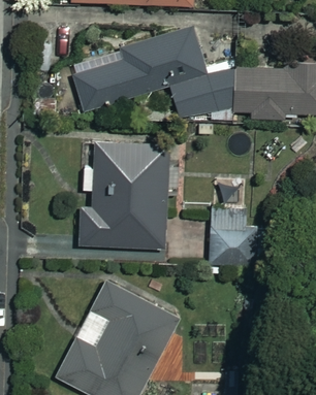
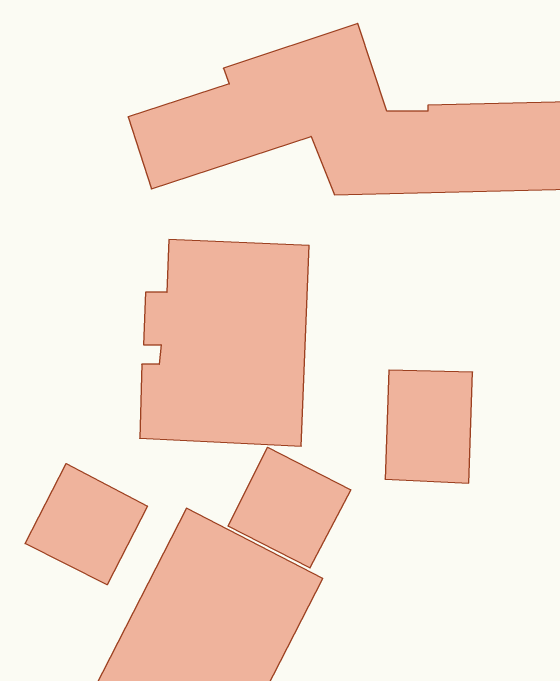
building: none -> [228,447,351,568]
building: none -> [25,464,147,585]

